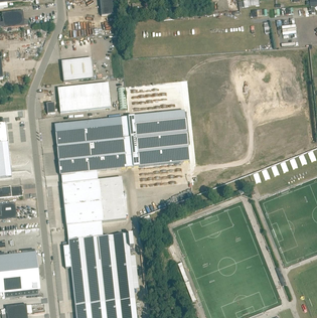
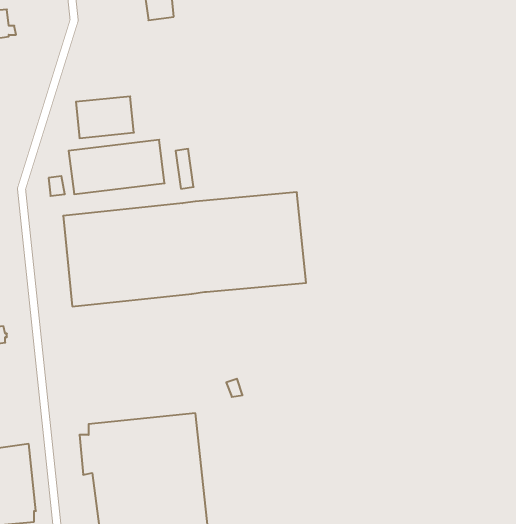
building: [62,176,126,224] -> none

